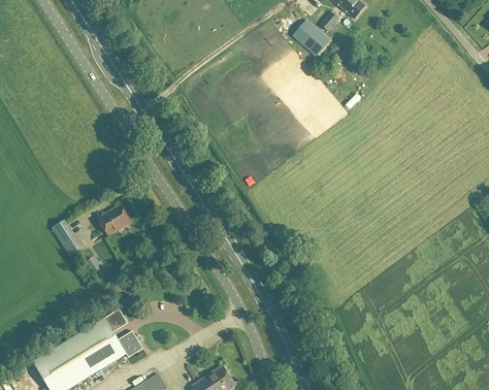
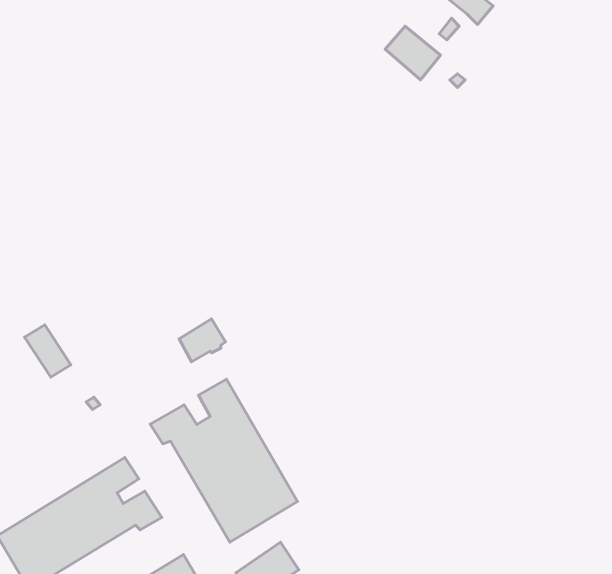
building: [98,205,129,234] -> [179,319,225,362]
building: none -> [150,379,298,542]

